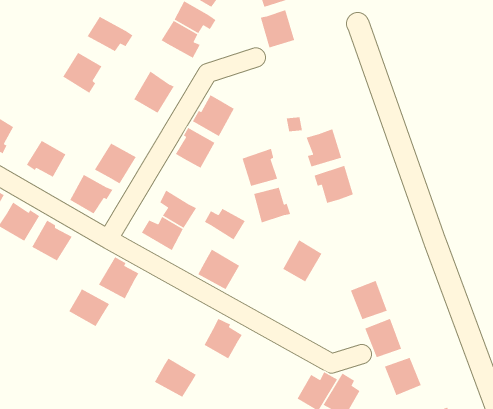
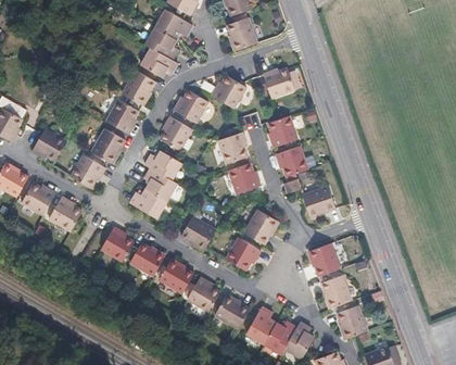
building: [87,16,134,52] -> [141,47,180,77]
building: [62,52,103,94] -> [107,99,141,134]
building: none -> [263,70,302,100]
building: none -> [212,75,248,109]
building: [204,208,246,240] -> [145,152,180,179]
building: none -> [301,188,333,218]
building: none -> [229,237,265,269]
building: [68,288,110,327] -> [124,241,159,274]
building: none -> [210,291,242,325]
building: none -> [242,304,271,341]
building: [154,357,197,398] -> [152,257,188,291]

